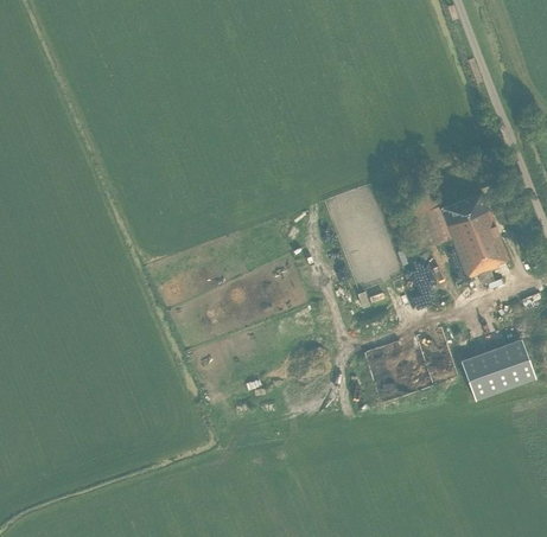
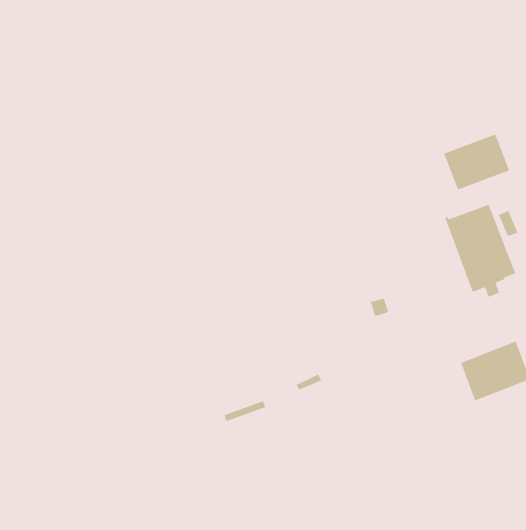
building: none -> [443,134,510,190]

